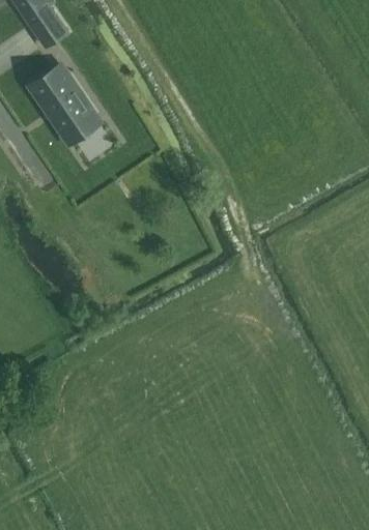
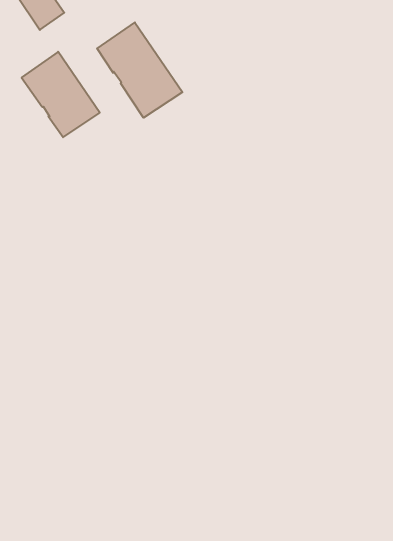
building: none -> [97,22,182,118]

